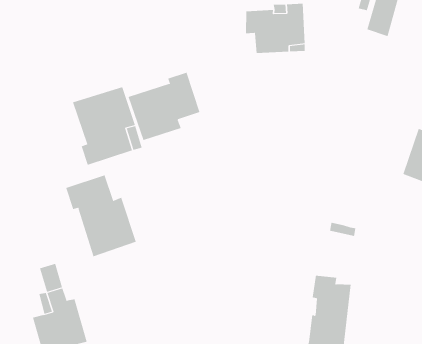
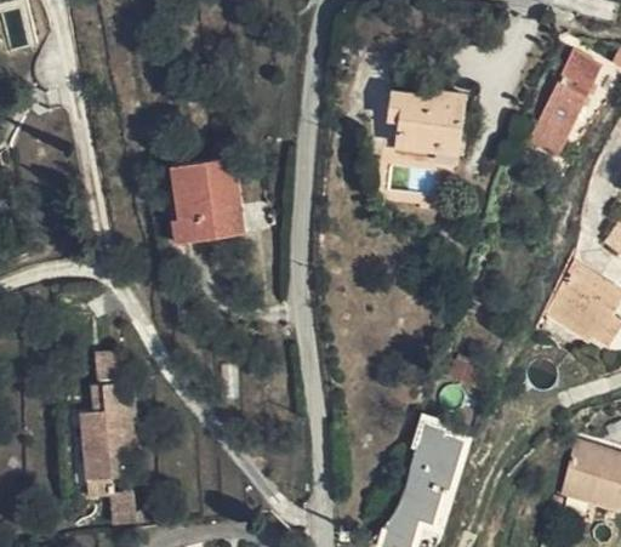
building: [128,72,200,141] -> none
building: [65,174,136,257] -> none

